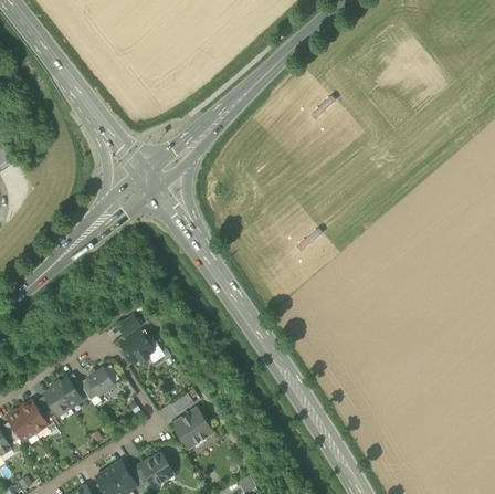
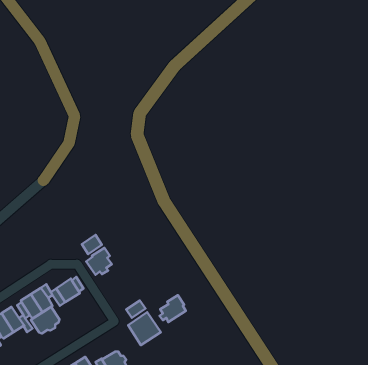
building: none -> [159,295,186,322]
building: none -> [31,307,59,333]

